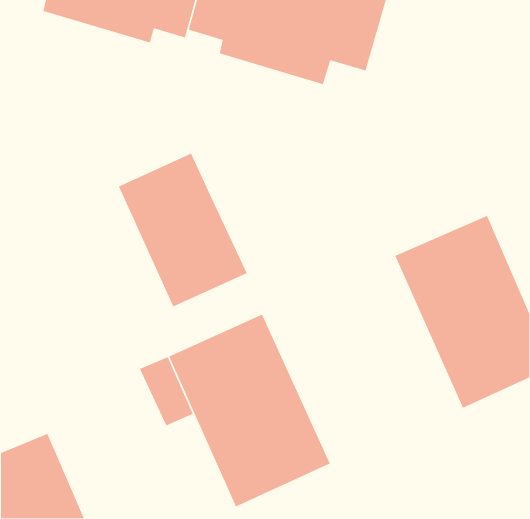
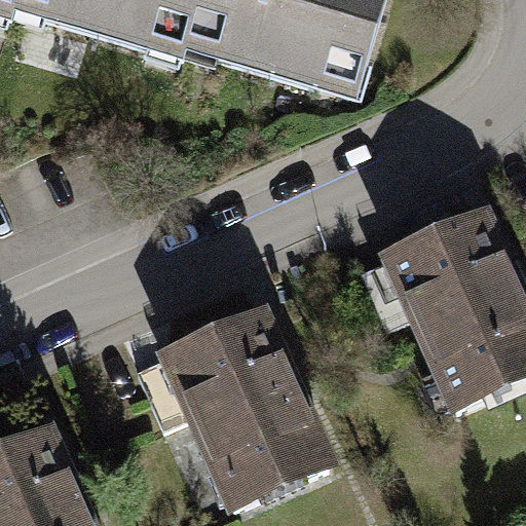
building: [118,152,248,307] -> none

